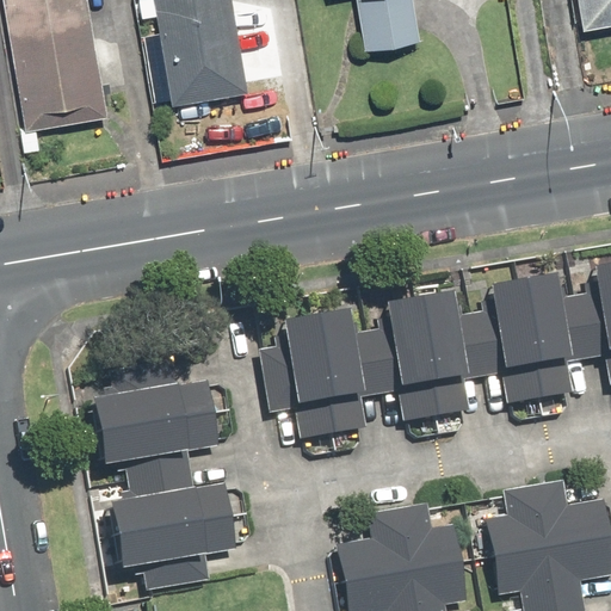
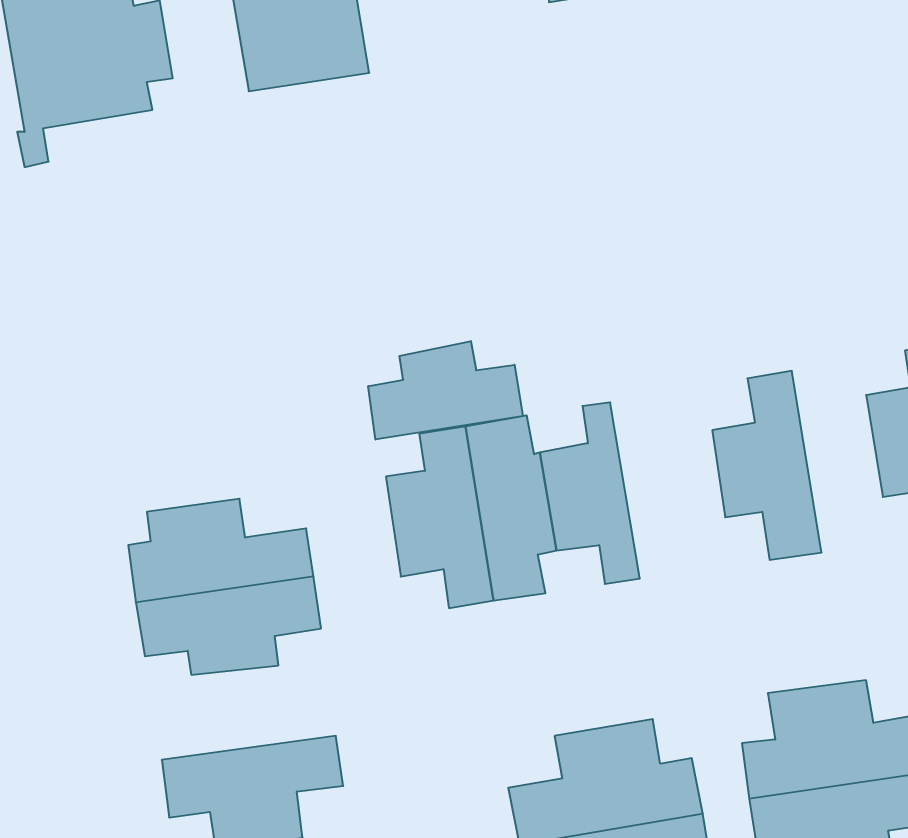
building: none -> [368,341,523,440]
building: [520,271,579,396] -> none
building: [403,290,477,413] -> none
building: [109,469,227,530] -> none

